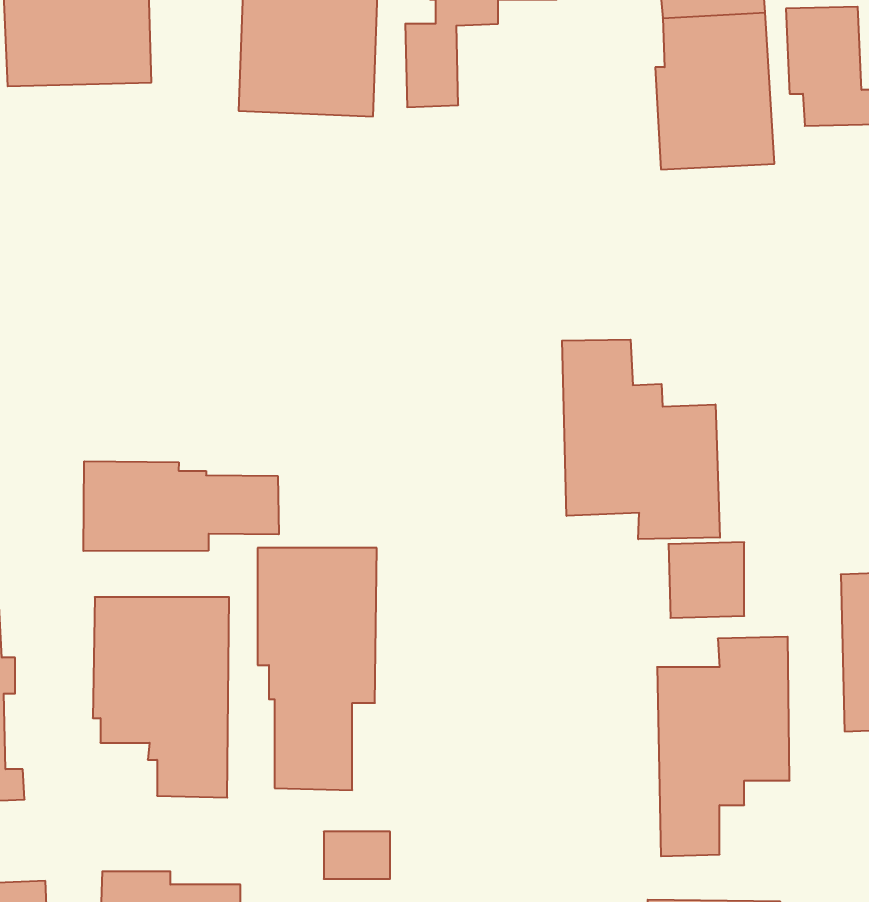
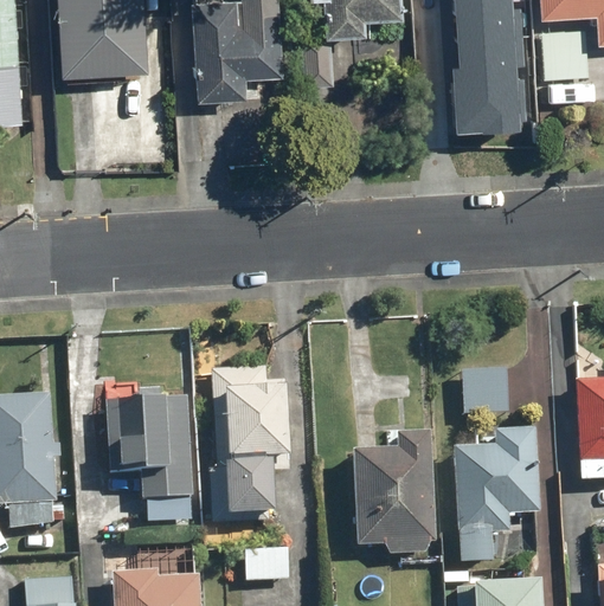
building: [562,340,720,539] -> none
building: [83,461,279,551] -> none
building: none -> [355,428,439,548]

